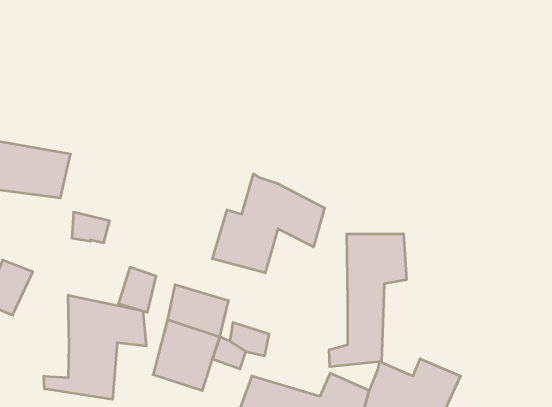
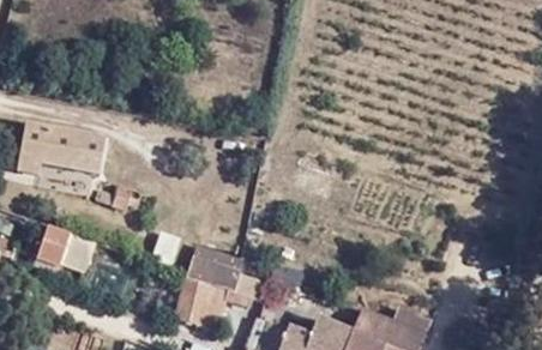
building: [212,174,324,273] -> none
building: [329,234,406,367] -> none
building: [44,295,146,399] -> none

